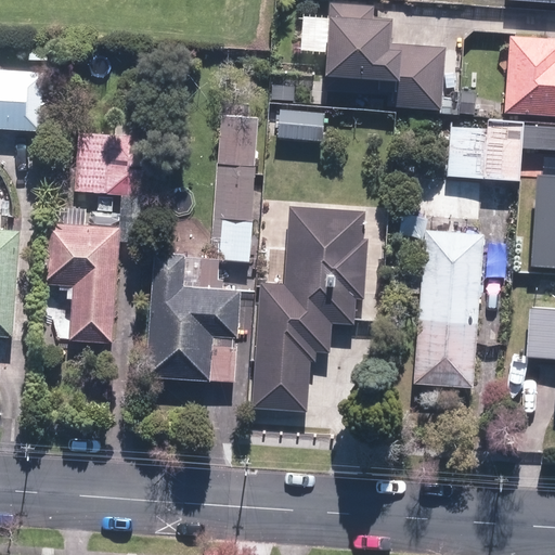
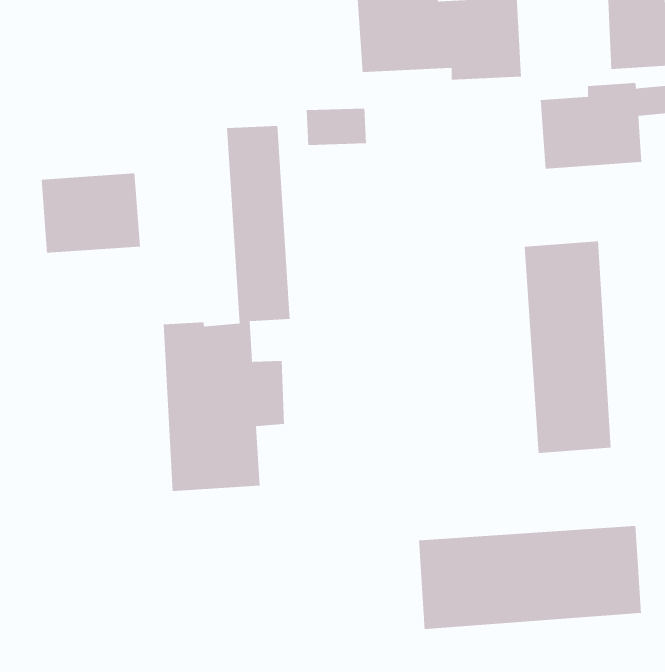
building: [253,207,364,412] -> none
building: [43,224,117,341] -> none
building: none -> [418,525,641,630]

